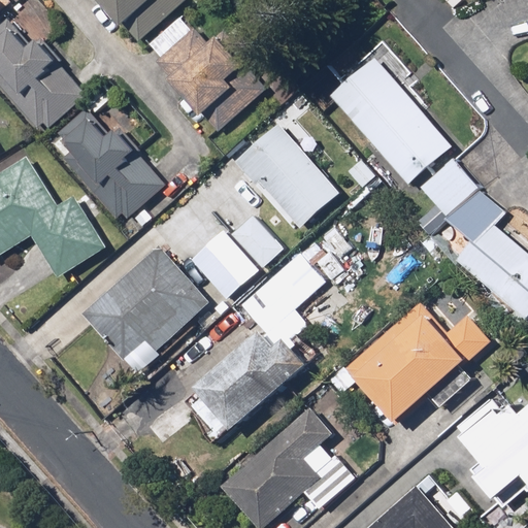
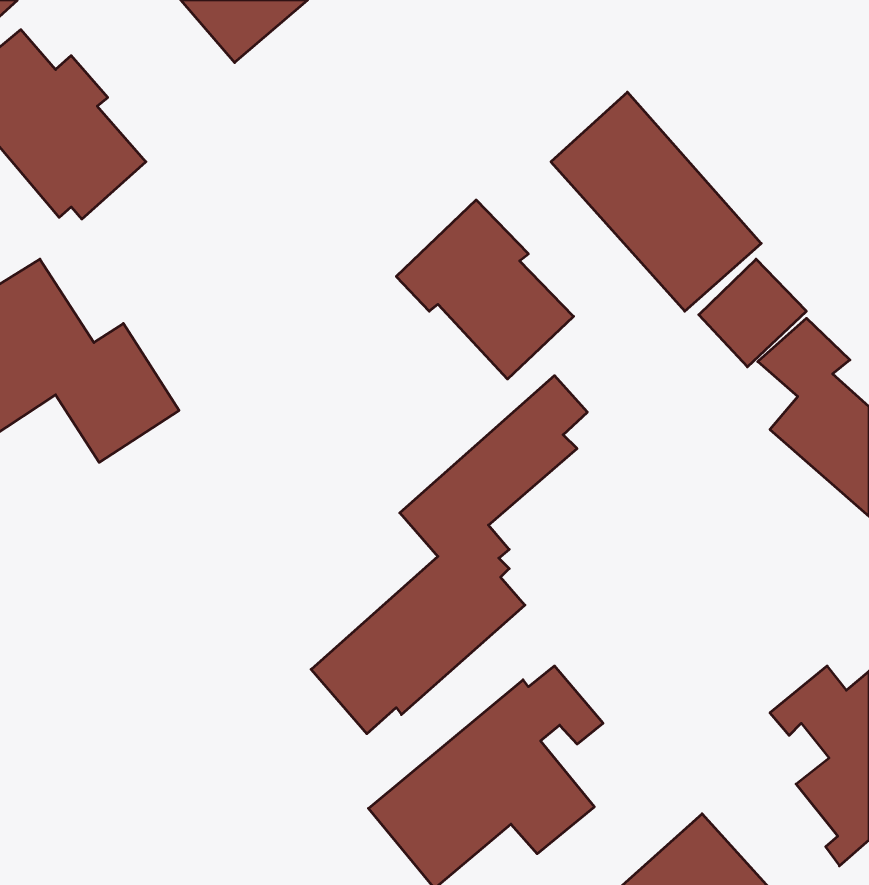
building: [154,27,270,133] -> none
building: [50,104,166,219] -> none
building: [228,213,284,271] -> none
building: [178,216,255,296] -> none
building: [82,245,207,361] -> none
building: [343,301,489,427] -> none

